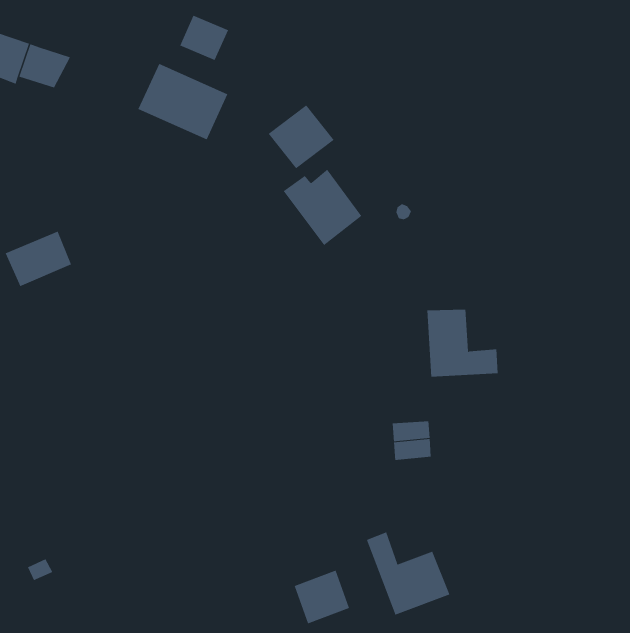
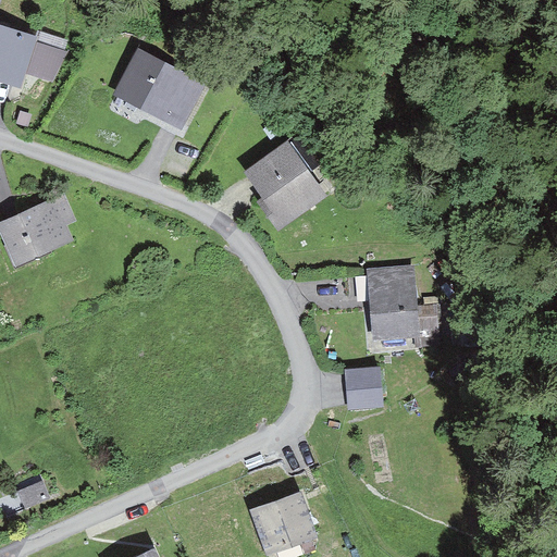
building: [179,15,229,61] -> none
building: [268,105,334,169] -> none
building: [366,532,450,616] -> none

